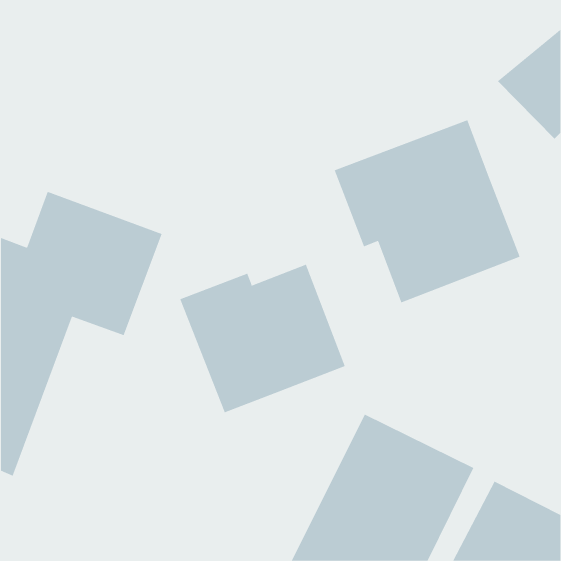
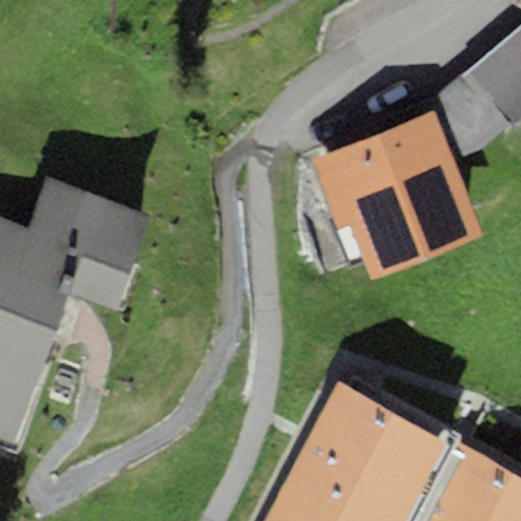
building: none -> [432,75,514,164]
building: [180,264,346,413] -> none

